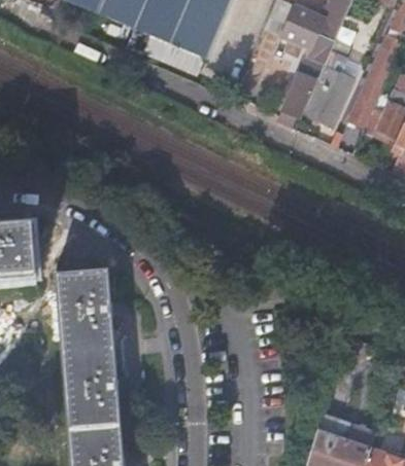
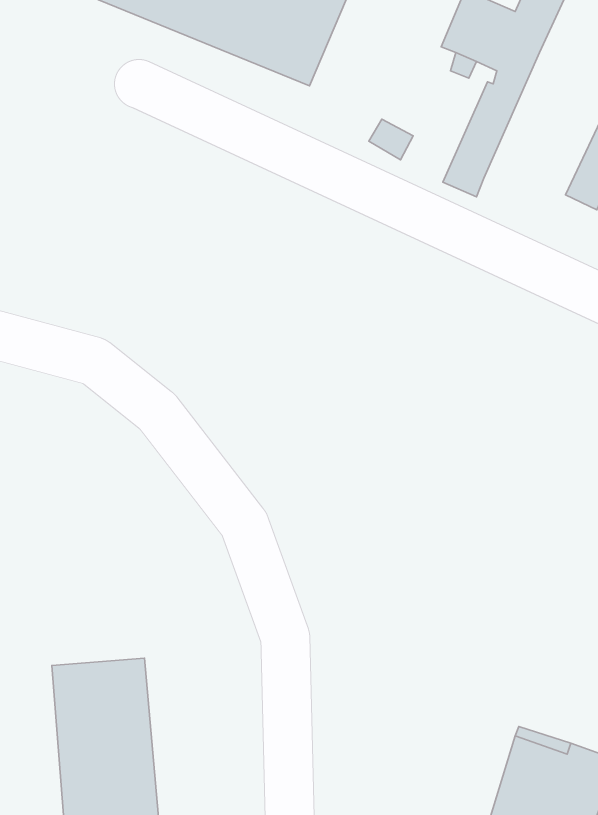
building: [304,38,352,121] -> none
building: [56,270,115,379] -> none

